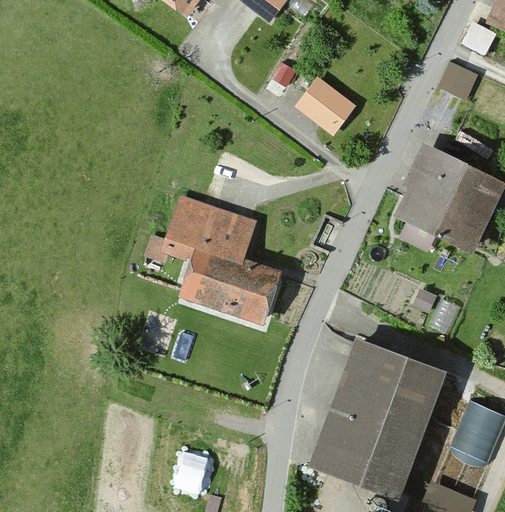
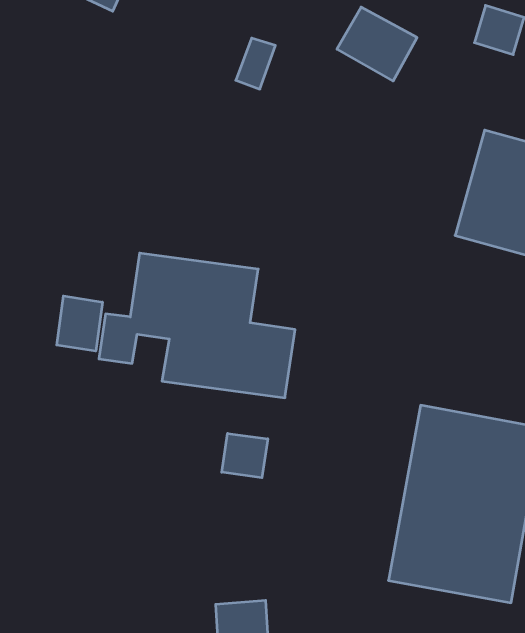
building: [296,78,354,134] -> [337,7,417,81]
building: none -> [57,296,102,351]
building: none -> [222,433,268,478]

